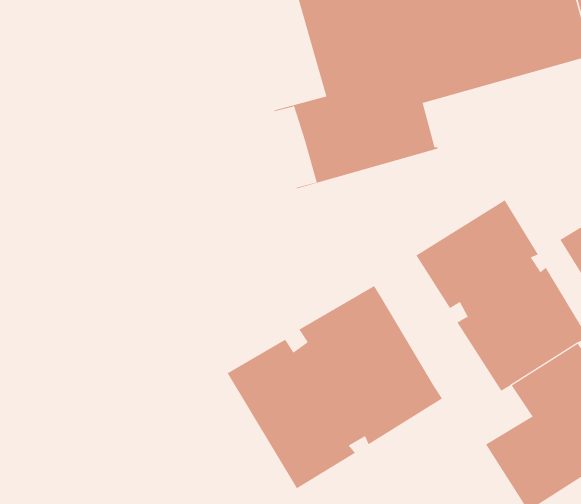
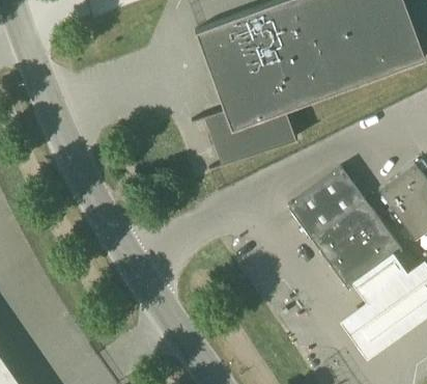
building: [227,285,443,489] -> none

